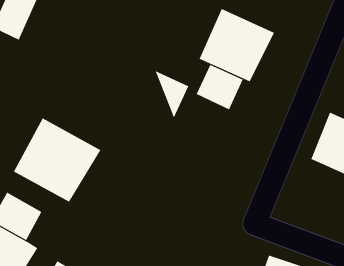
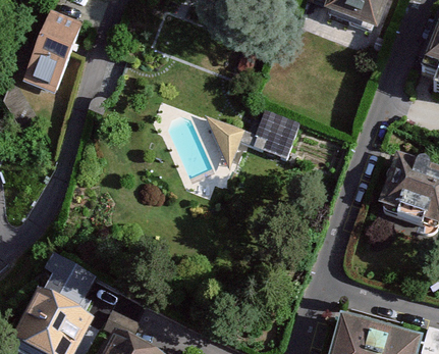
building: [199,8,275,82] -> none
building: [13,117,101,203] -> none

